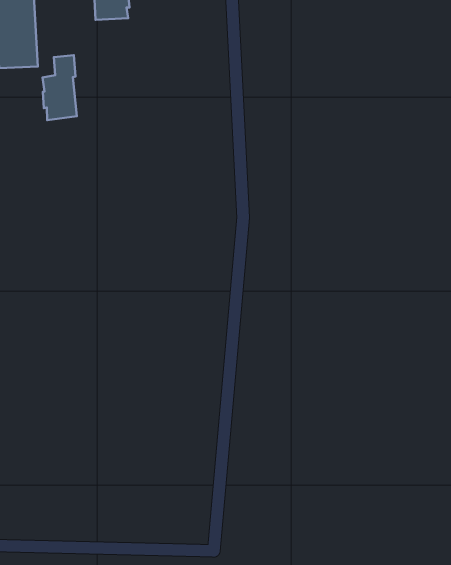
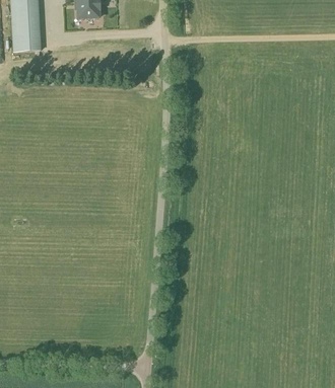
building: [42,55,77,120] -> none

